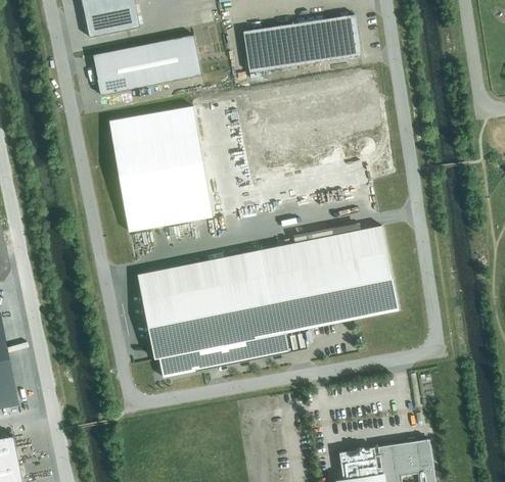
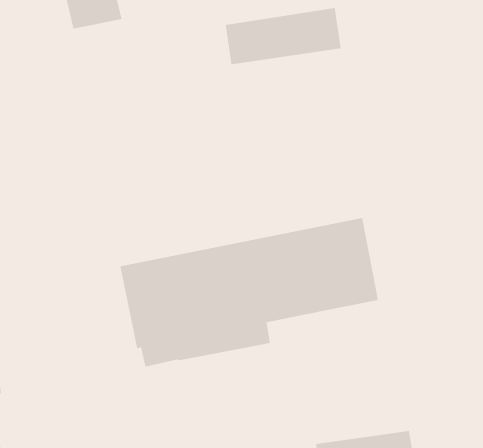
building: [92,35,200,95] -> none
building: [108,106,212,232] -> none

